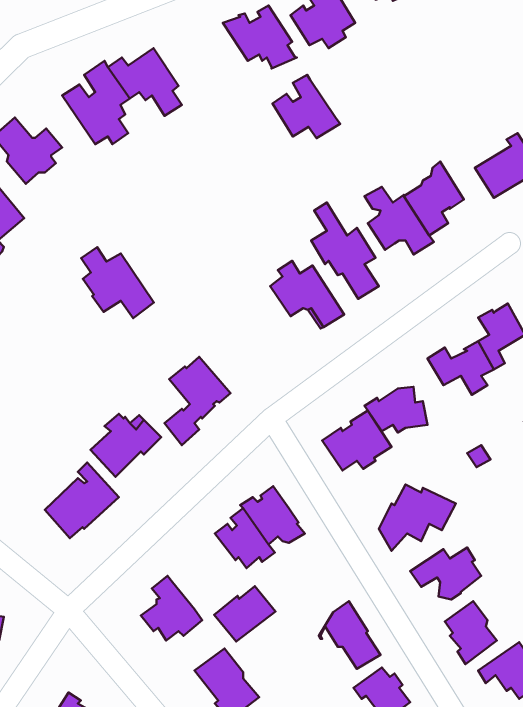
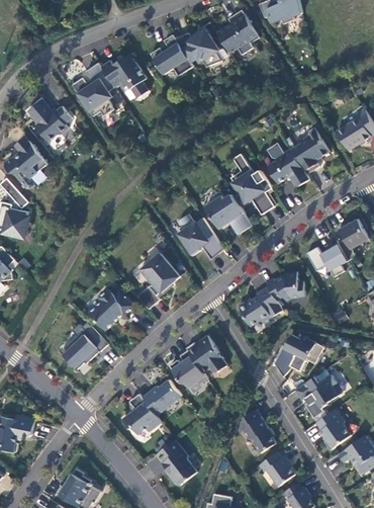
building: [272,75,340,138] -> [150,34,193,75]
building: [81,247,154,318] -> [177,214,223,259]
building: [214,586,275,641] -> [142,378,181,414]

